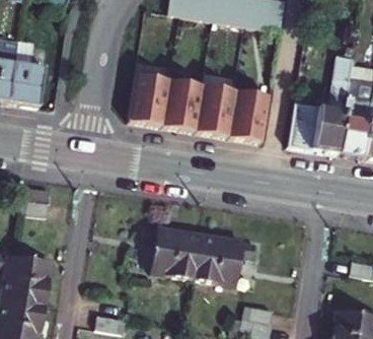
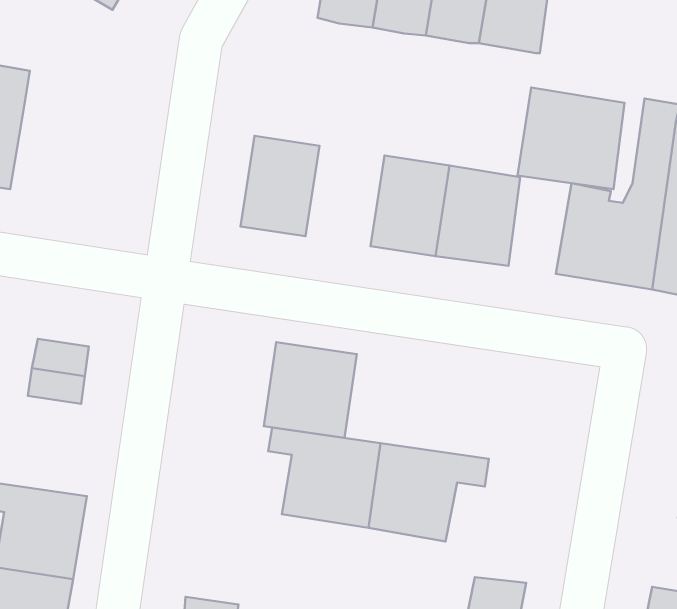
building: [8,42,45,108] -> none
building: none -> [517,88,625,189]
building: [160,80,201,132] -> none
building: none -> [264,342,357,438]

